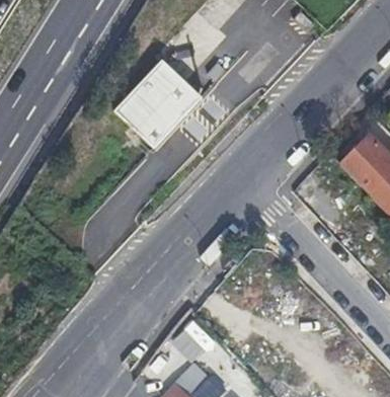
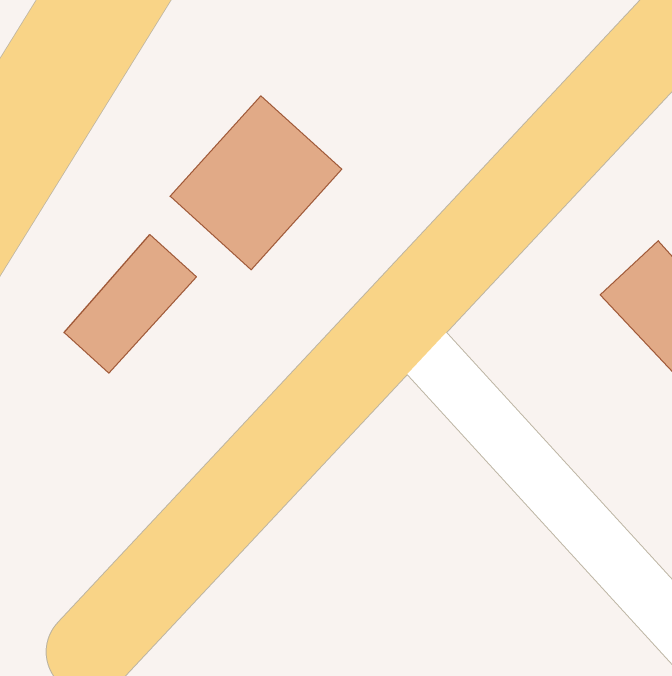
building: none -> [64,235,196,373]

